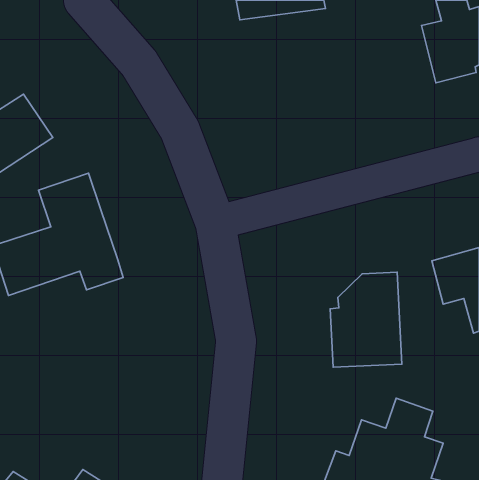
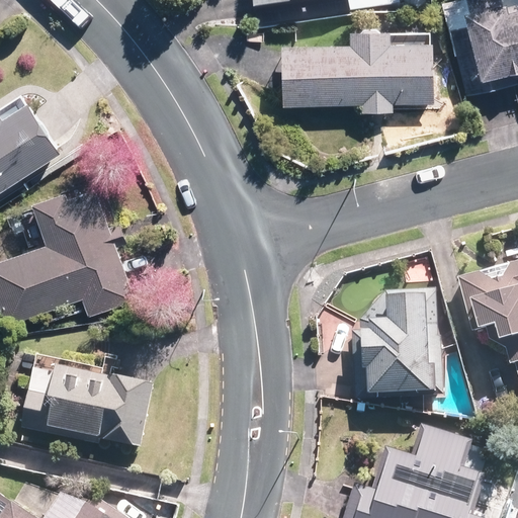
building: none -> [291,30,431,107]
building: none -> [26,366,150,446]

